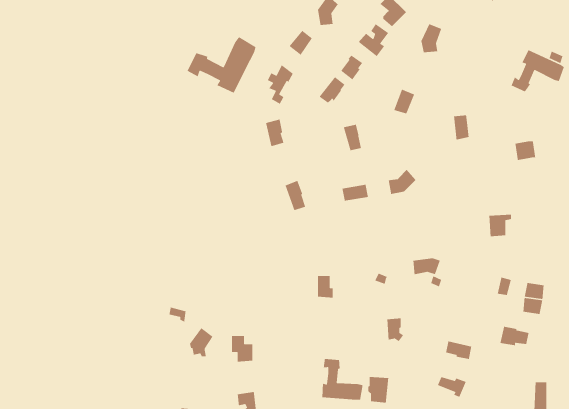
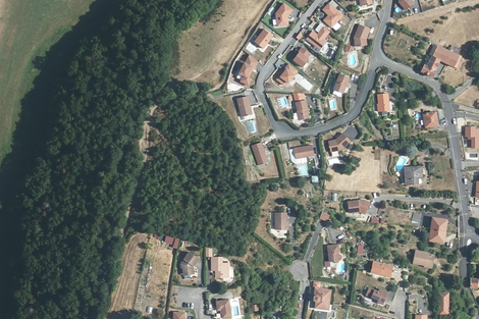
building: [186,36,257,94] -> none
building: [321,358,363,401] -> none

